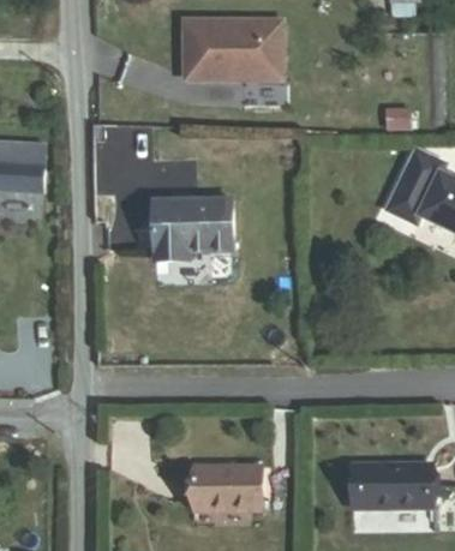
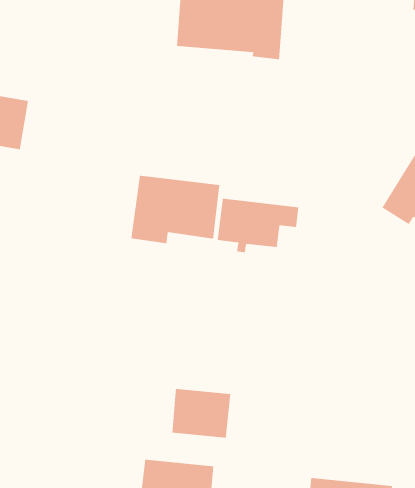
building: none -> [217,198,299,253]
building: none -> [172,388,231,439]

